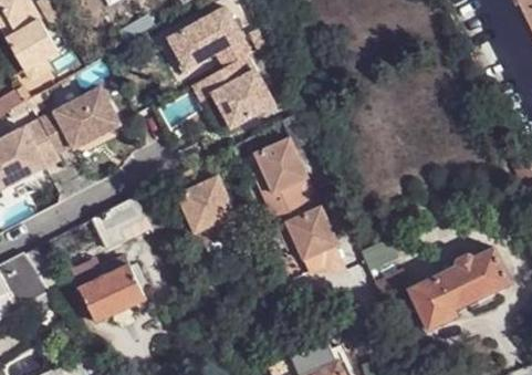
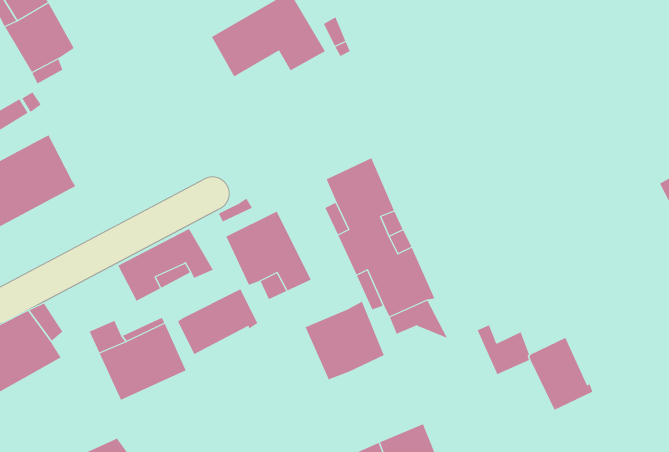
building: [192,58,273,127] -> none
building: [38,86,118,153] -> none
building: none -> [178,288,258,355]
building: none -> [305,301,385,380]
building: [436,247,510,311] -> none

